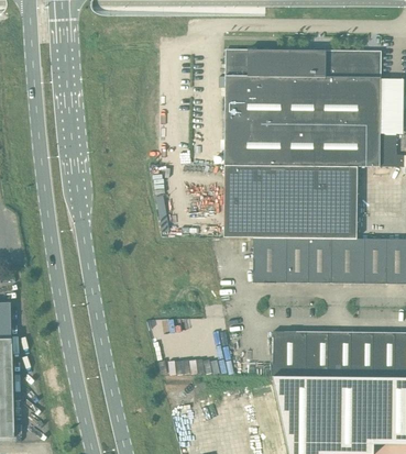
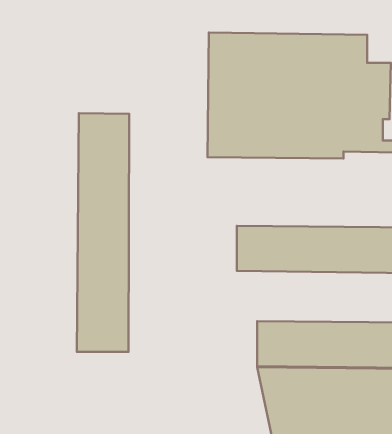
building: none -> [77,113,129,352]
building: [223,170,358,237] -> none

